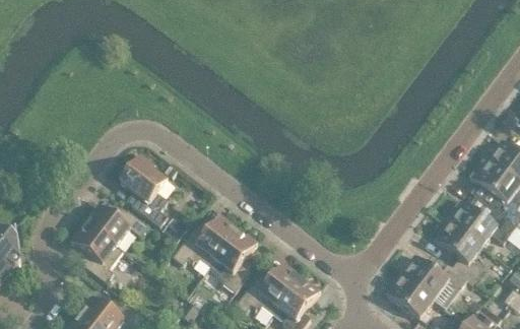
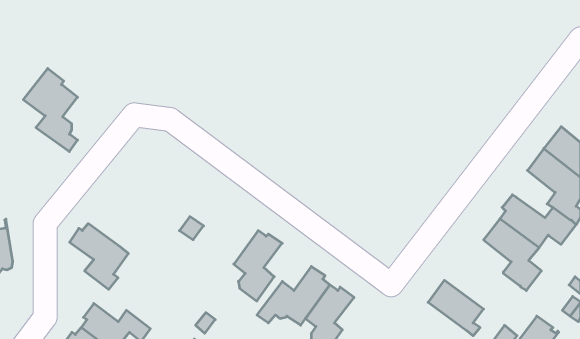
building: [119,154,167,227] -> [23,68,78,152]
building: [86,204,148,247] -> none
building: [172,215,236,267] -> none
building: [399,256,466,310] -> none

